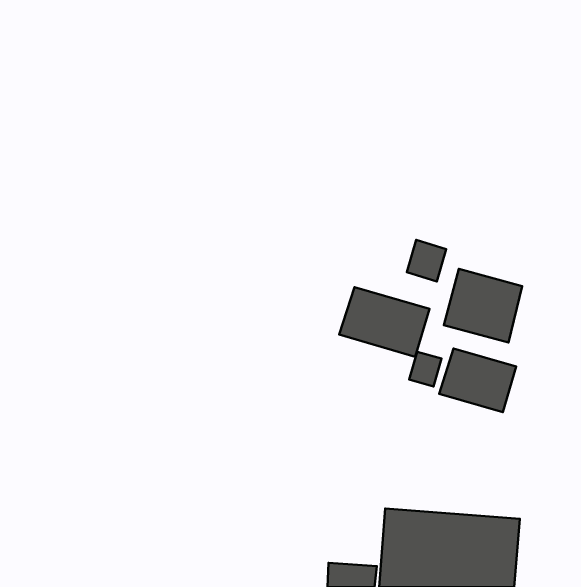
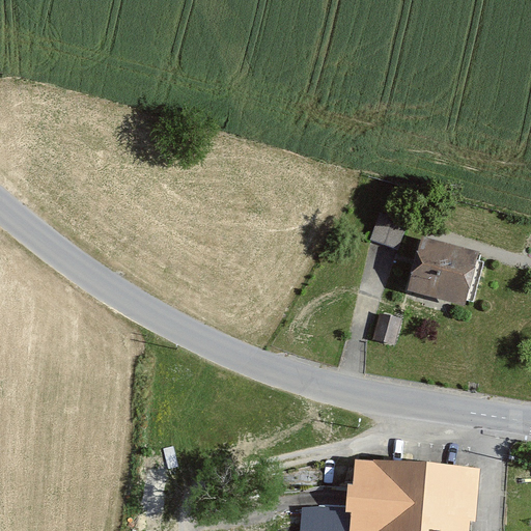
building: [339,287,429,357] -> none
building: [439,348,516,412] -> none

